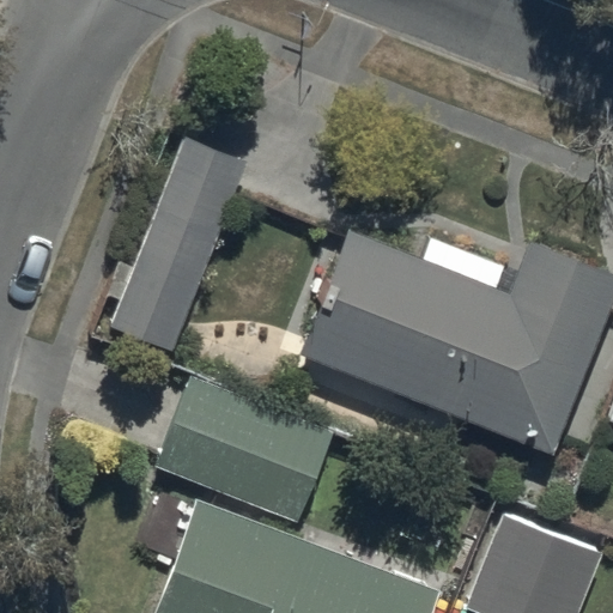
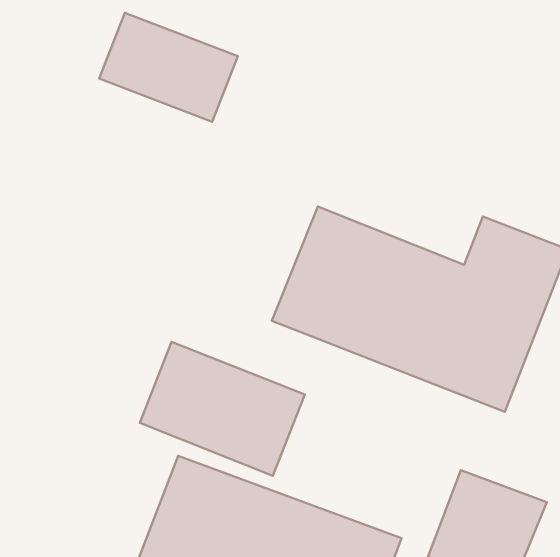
building: none -> [99,13,238,122]
building: [111,139,247,352] -> none

